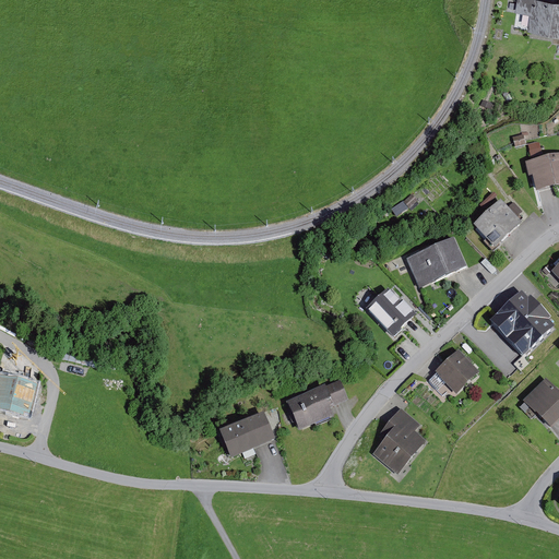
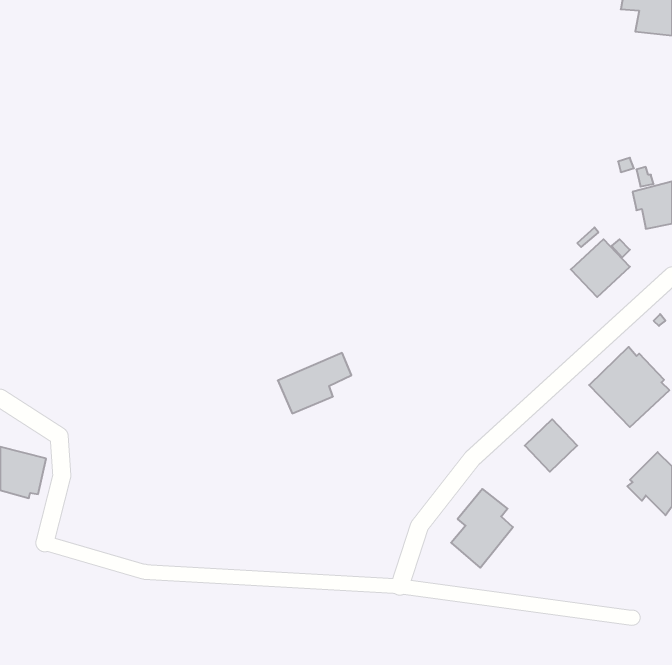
building: [406,236,466,286] -> none
building: [366,286,417,336] -> none
building: [287,378,348,428] -> [278,353,351,413]
building: [219,411,275,456] -> none

